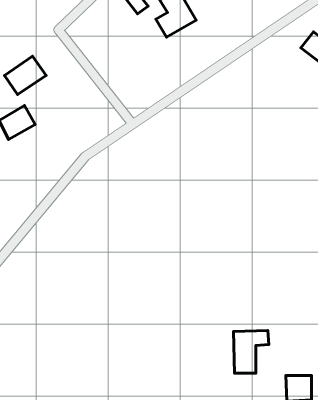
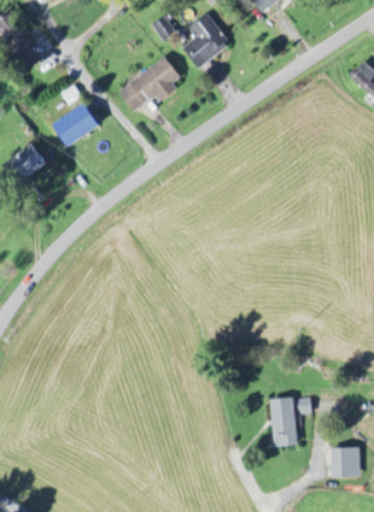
building: none -> [119,55,183,111]
building: [5,56,46,95] -> [53,102,100,146]

